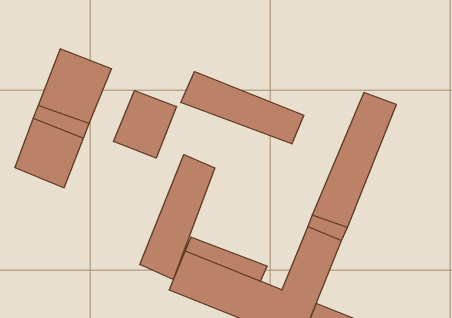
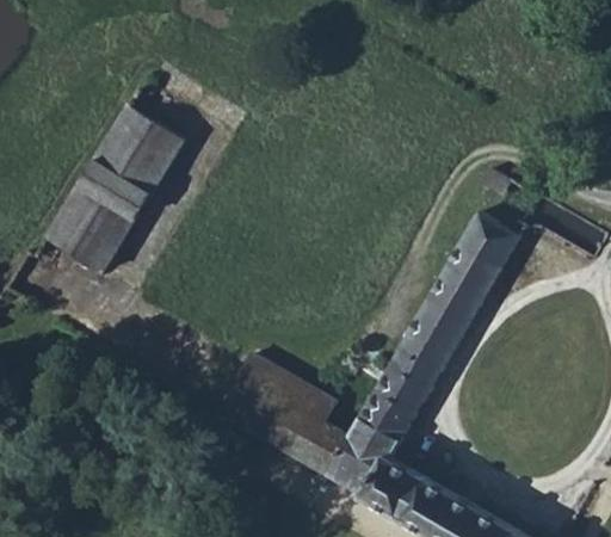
building: [181,72,304,144] -> none
building: [114,91,177,158] -> none
building: [140,155,215,280] -> none

